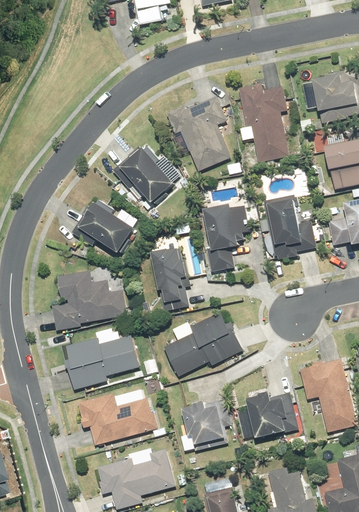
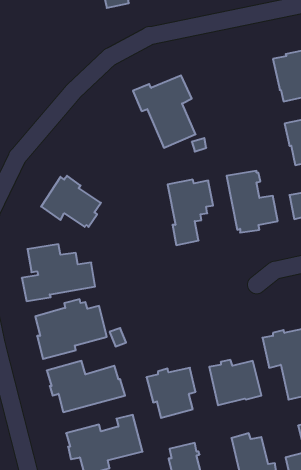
building: [238,83,289,162] -> none
building: [112,145,173,204] -> none
building: [150,248,190,311] -> none
building: [163,311,242,376] -> none

